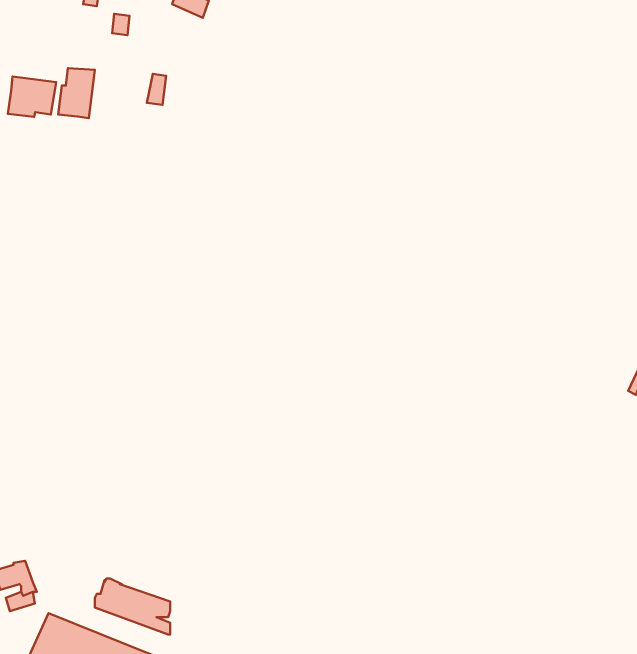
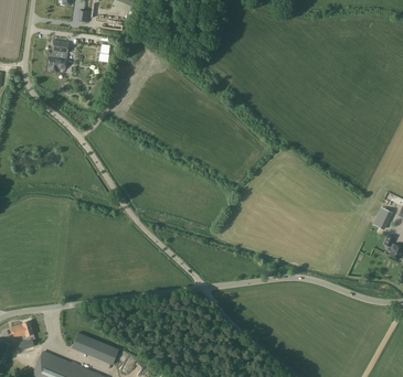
building: [8,76,56,117] -> none

